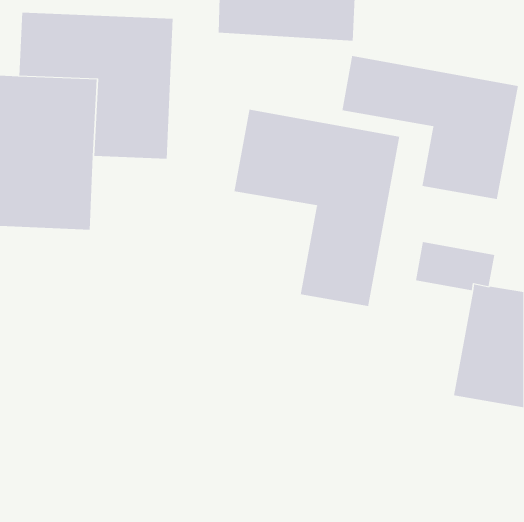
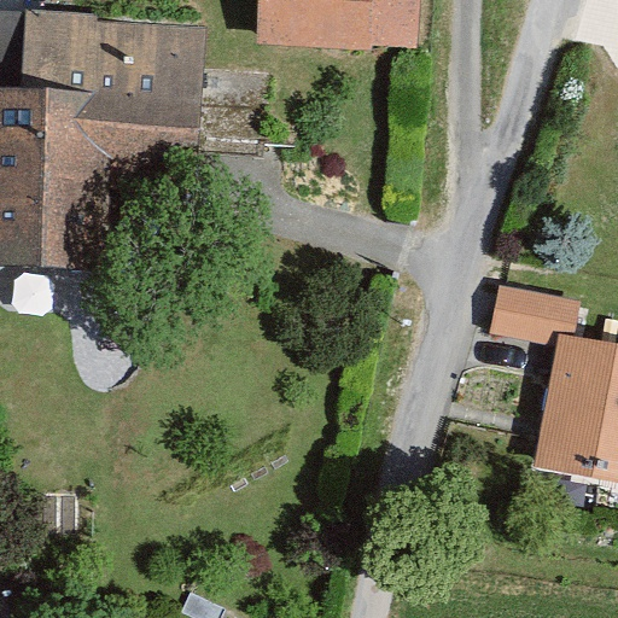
building: [342,55,518,200] -> none
building: [234,109,400,307] -> none

